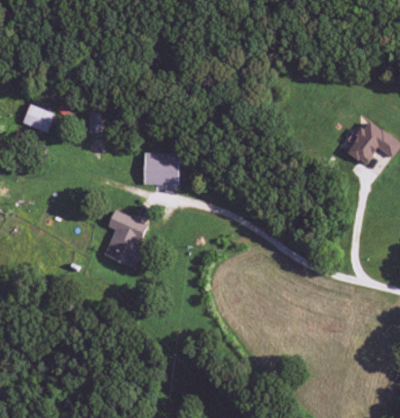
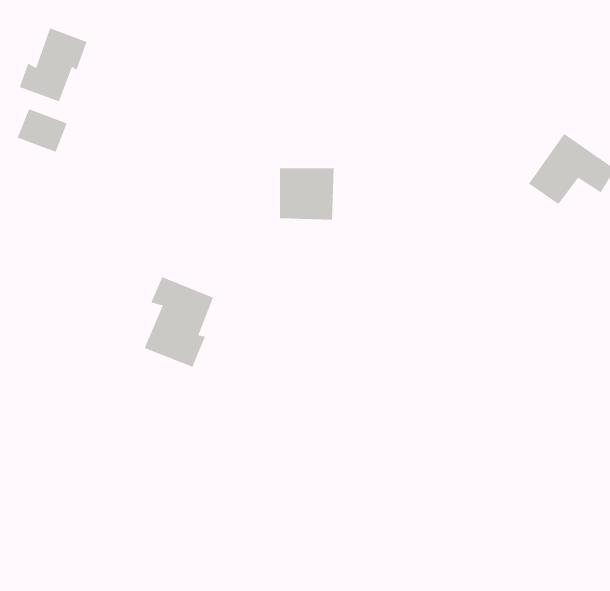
building: none -> [19,28,87,102]
building: [144,153,179,186] -> [279,168,335,220]

